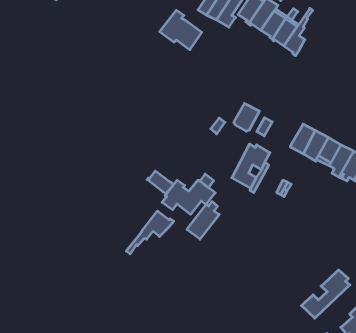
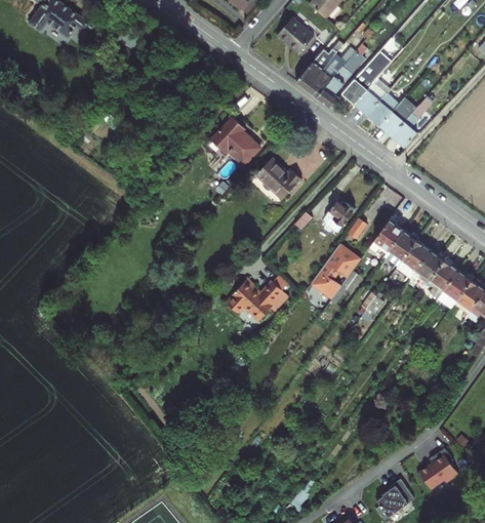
building: [160,10,202,50] -> [210,117,259,165]
building: none -> [256,158,301,198]
building: none -> [369,219,403,252]
building: [147,171,173,194] -> none
building: [187,202,219,239] -> none
building: [126,211,174,254] -> none
building: [301,270,350,318] -> none

